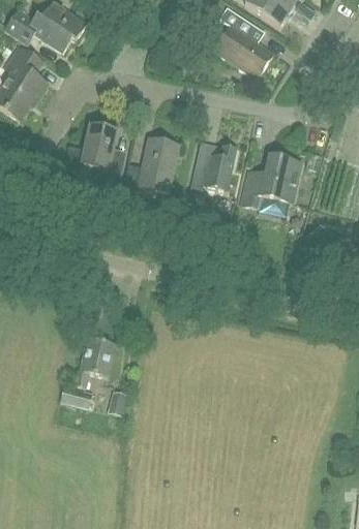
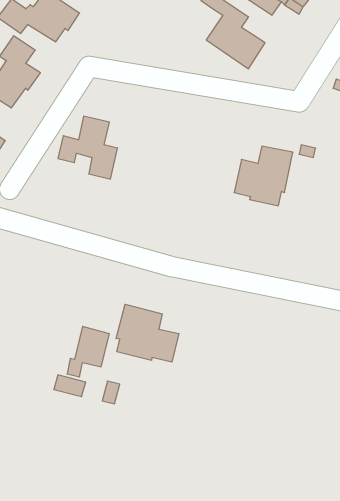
building: [121,138,177,197] -> none
building: [188,139,236,197] -> none
building: none -> [116,304,179,362]

